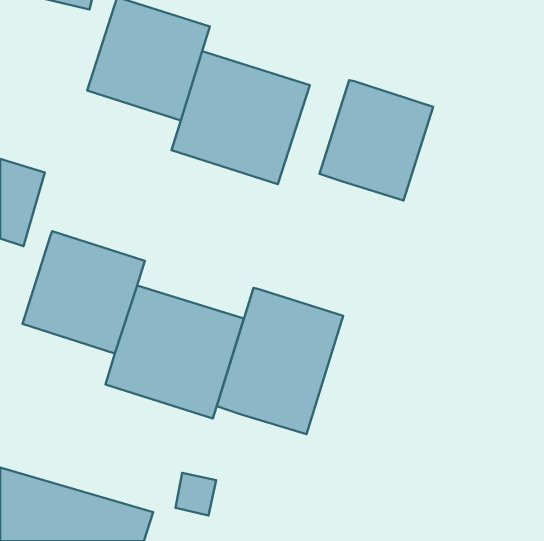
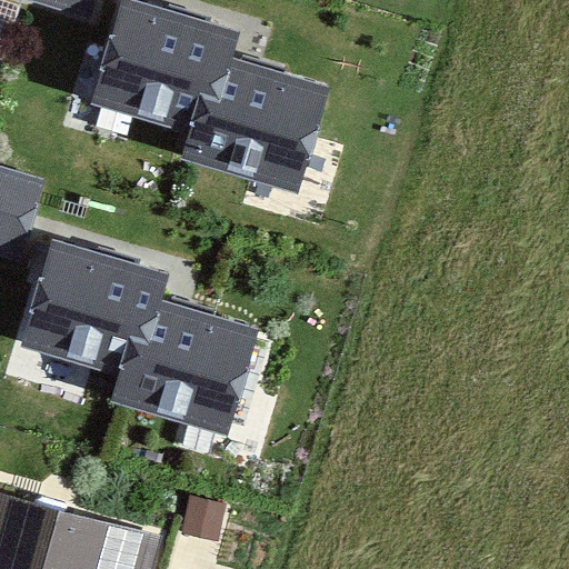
building: [319,80,433,200] -> none
building: [217,288,343,434] -> none

